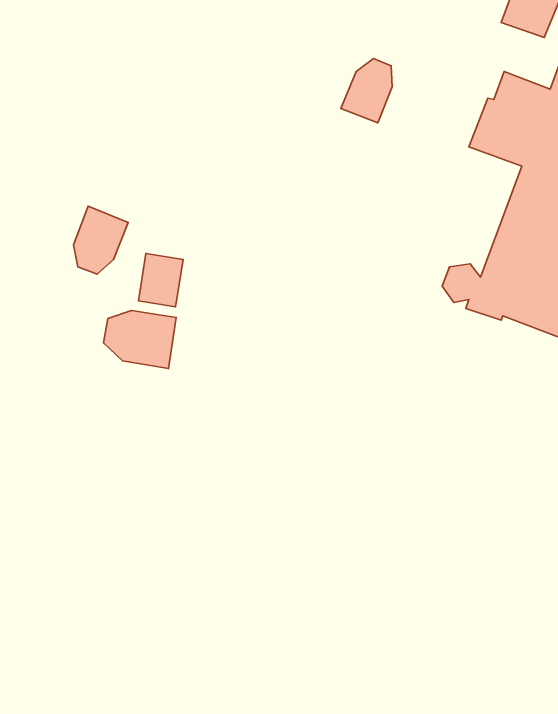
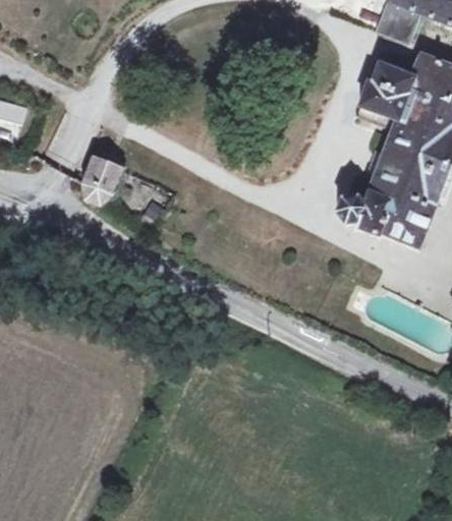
building: [341,58,392,123] -> none
building: [104,310,176,369] -> none

